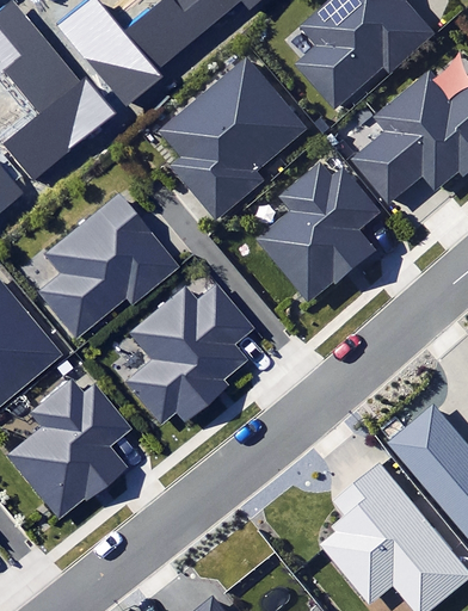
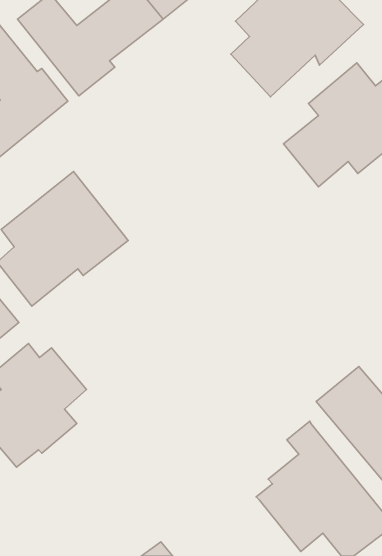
building: [156,53,308,218] -> none
building: [257,159,378,298] -> none
building: [125,284,253,428] -> none

